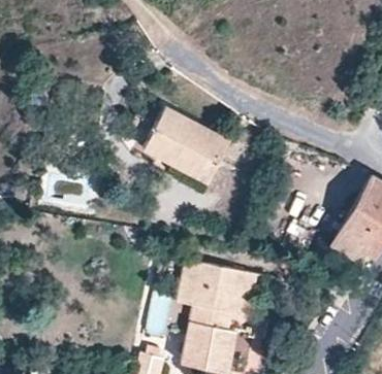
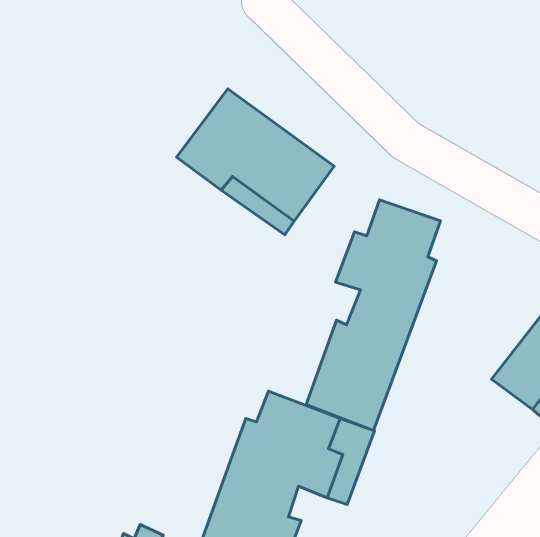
building: none -> [306,200,440,430]
building: [176,260,209,306] -> none

